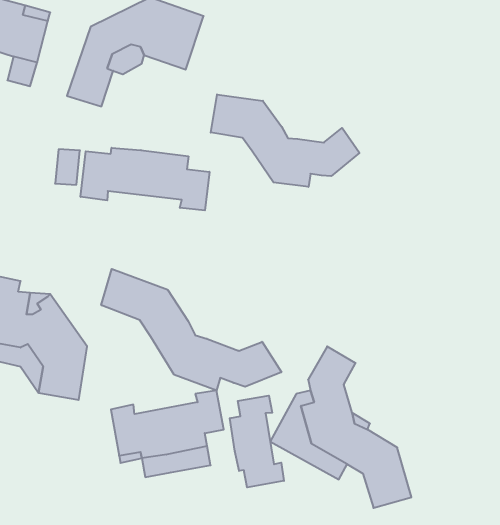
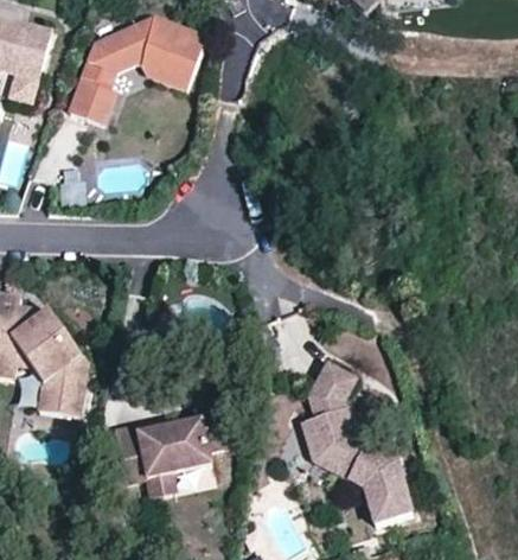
building: [211,94,359,187] -> none
building: [81,148,209,210] -> none
building: [101,269,281,390] -> none
building: [230,396,284,487] -> none

